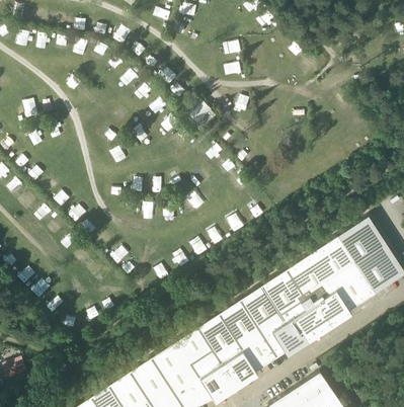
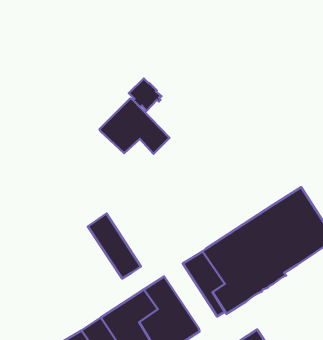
building: none -> [99,98,170,154]
building: [220,301,277,372] -> [88,213,141,279]

